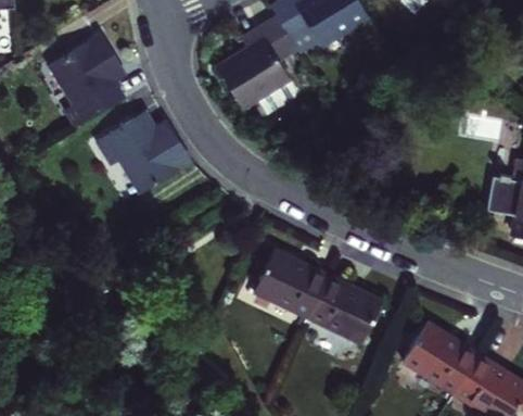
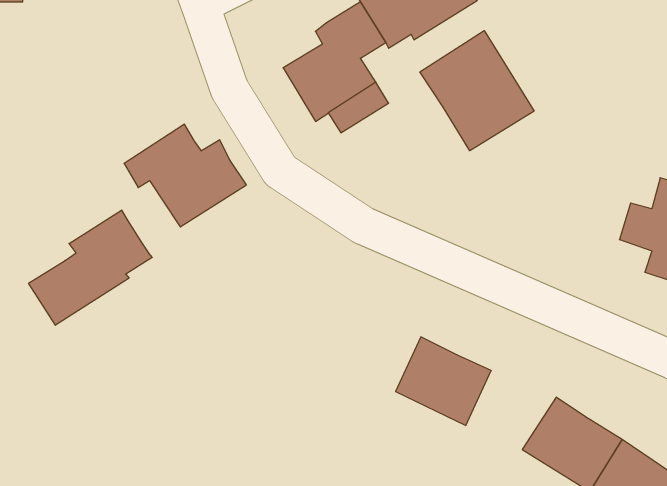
building: [52,36,126,126] -> none
building: none -> [420,31,534,151]
building: none -> [29,210,152,325]
building: [254,248,327,318] -> none

